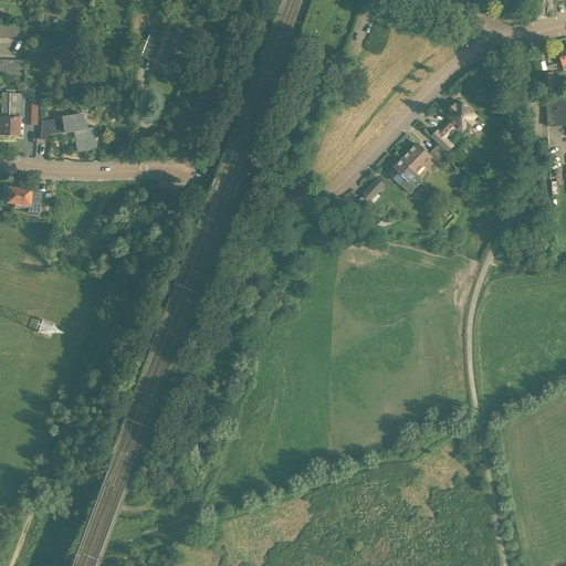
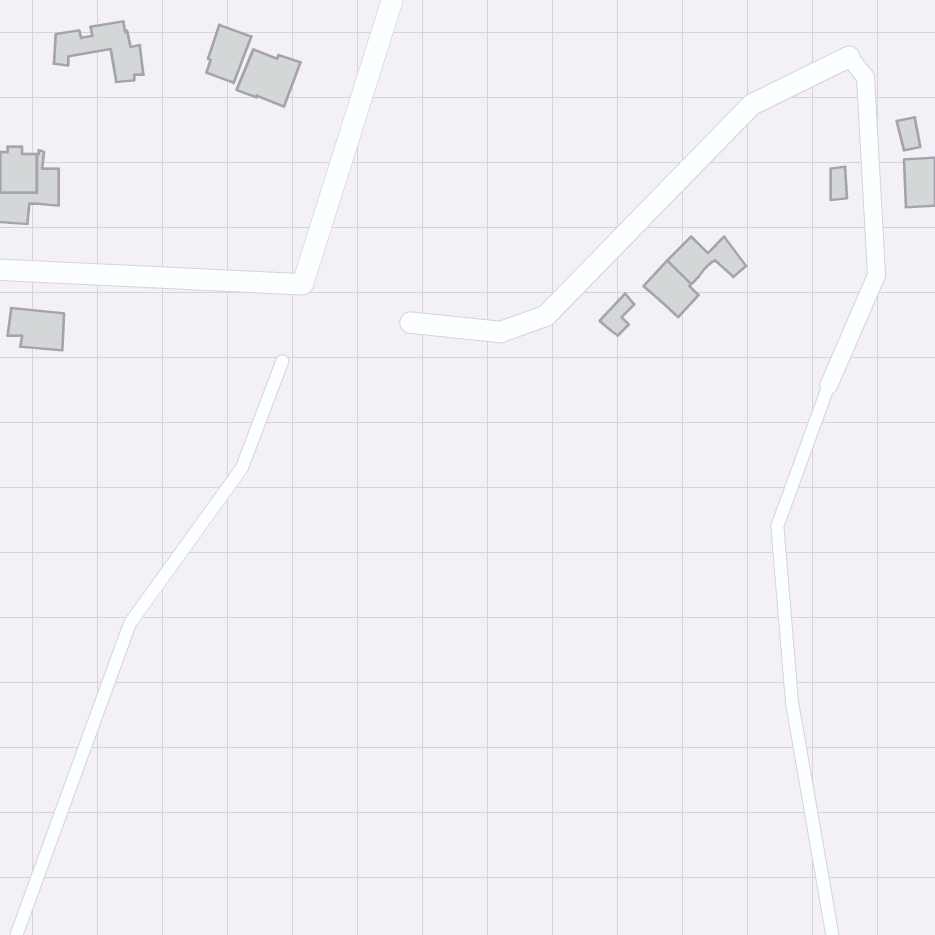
building: none -> [206,25,251,83]
building: [430,101,475,153] -> none
building: [39,113,93,149] -> [54,21,144,82]

